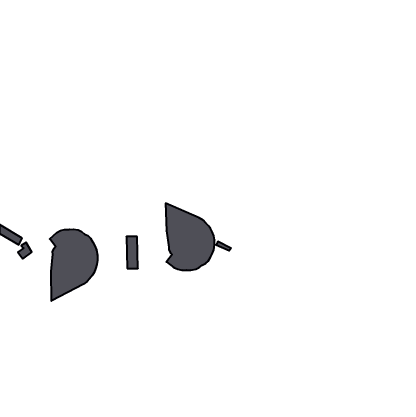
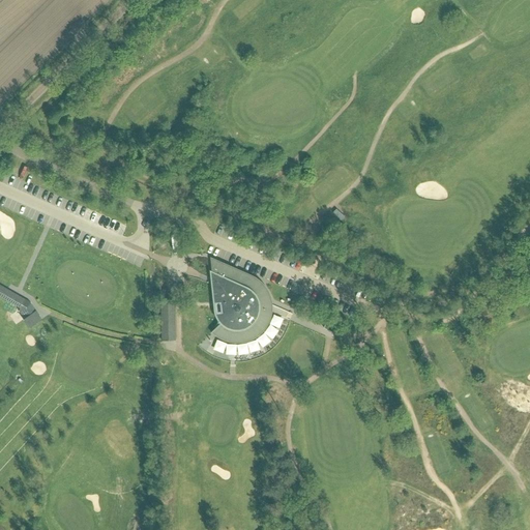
building: [50,229,98,301] -> none

